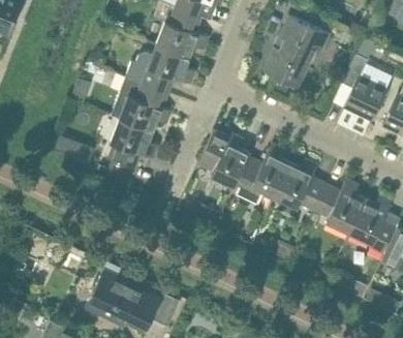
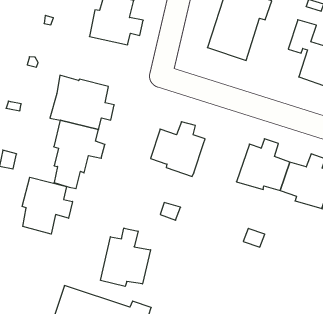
building: [124,45,194,94] -> none
building: [236,146,290,206] -> none
building: none -> [22,177,72,234]
building: none -> [101,228,151,286]

